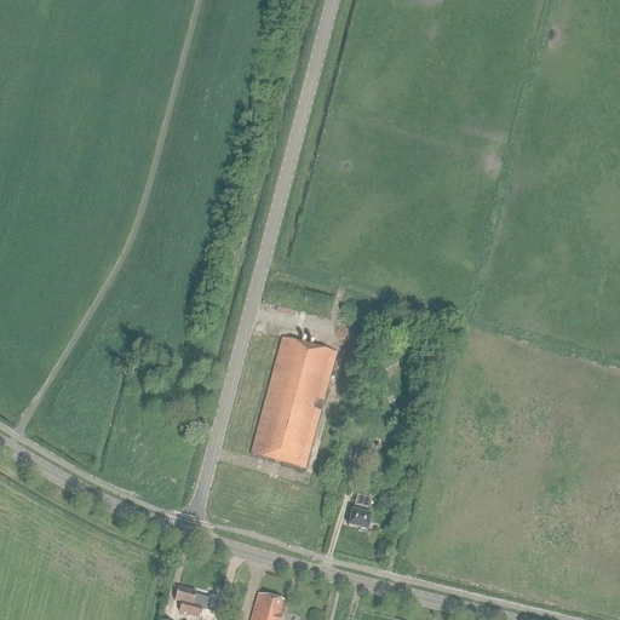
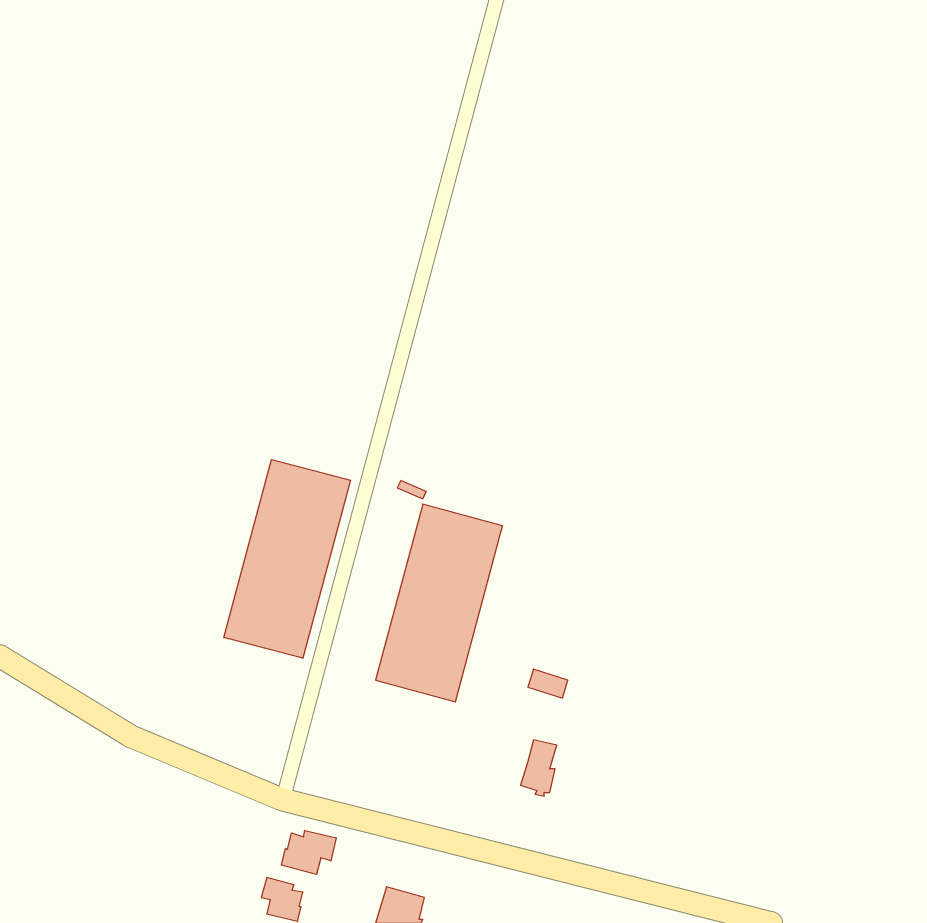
building: none -> [224,460,350,658]
building: none -> [281,830,336,874]

